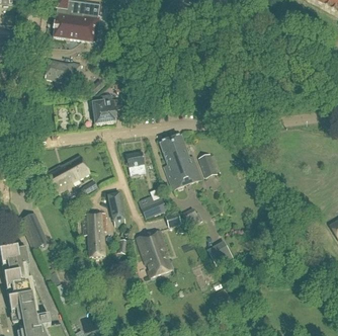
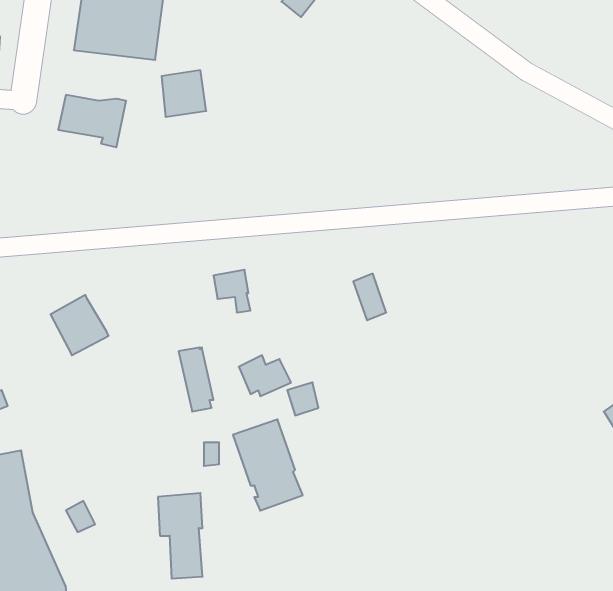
building: [92,99,115,123] -> [162,70,206,117]
building: [159,134,201,189] -> none
building: [60,155,89,183] -> none
building: [20,212,49,249] -> none
building: [82,213,105,257] -> [158,493,203,579]

